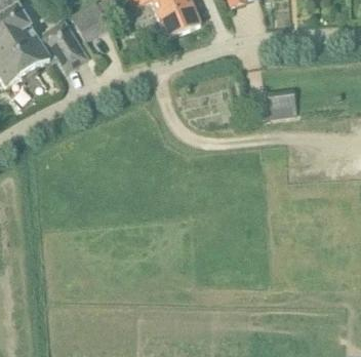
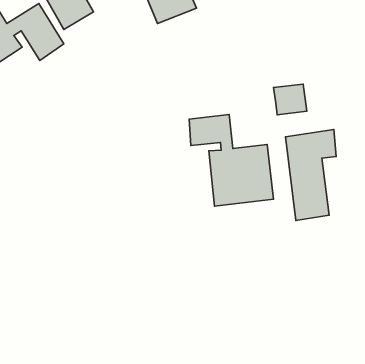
building: none -> [189,114,273,206]
building: none -> [286,130,336,221]

